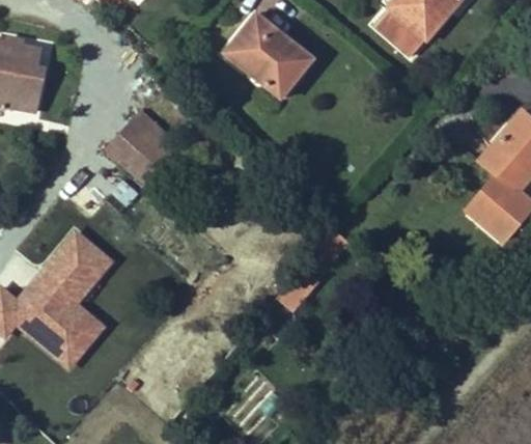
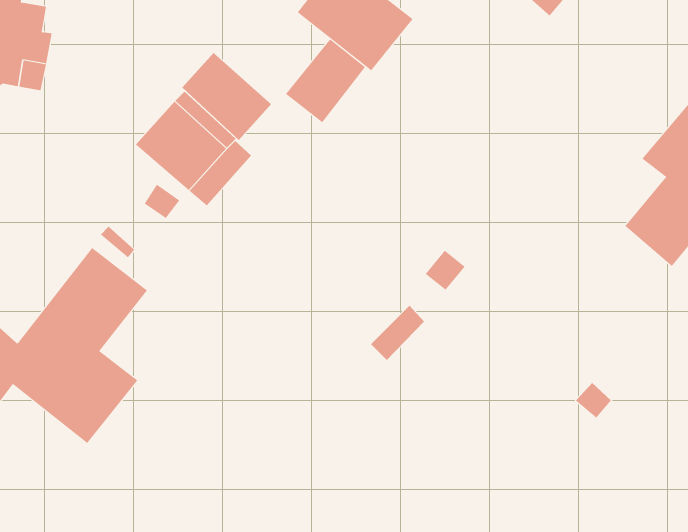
building: none -> [285,39,366,123]
building: none -> [181,52,272,141]

